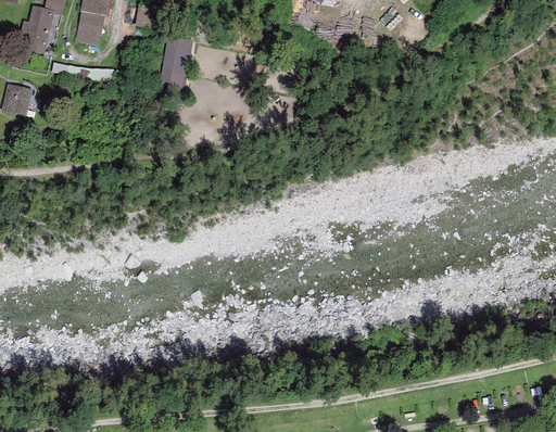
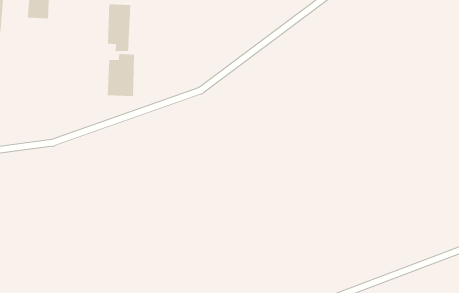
building: none -> [107,53,135,97]

